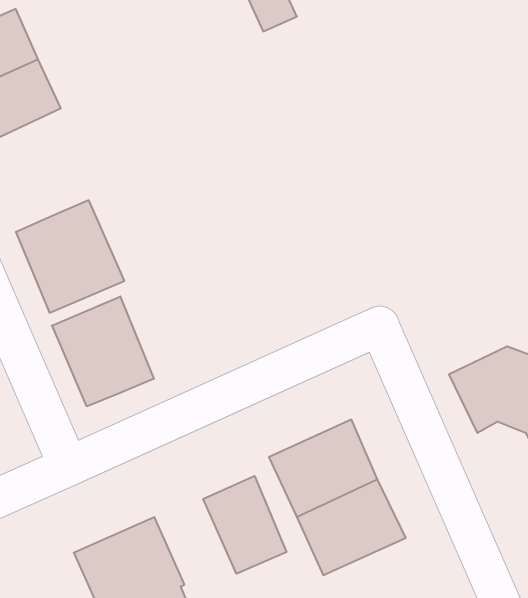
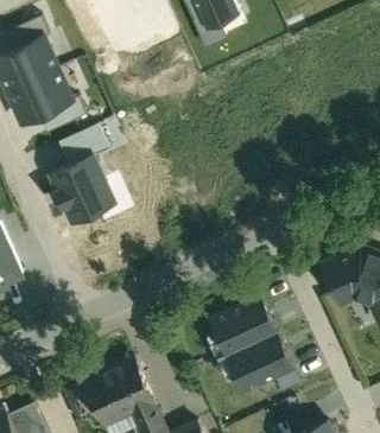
building: none -> [59,126,109,166]
building: [52,296,154,406] -> none
building: [203,476,286,574] -> none

